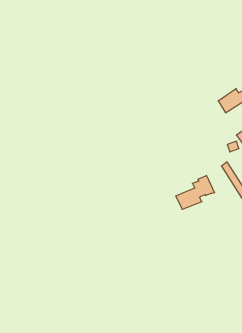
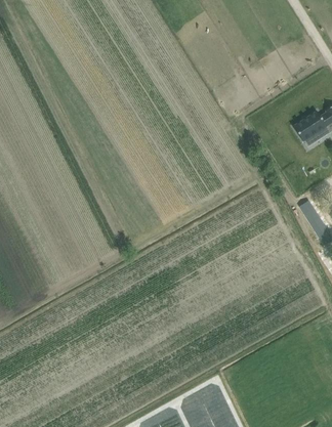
building: [176,175,214,209] -> none

